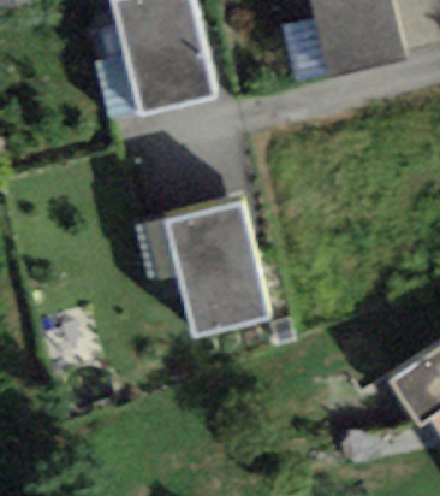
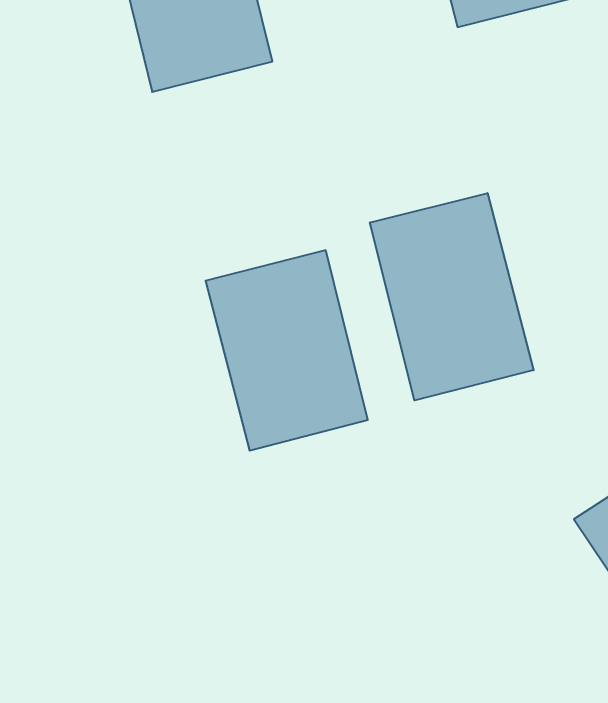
building: none -> [370,193,534,400]

